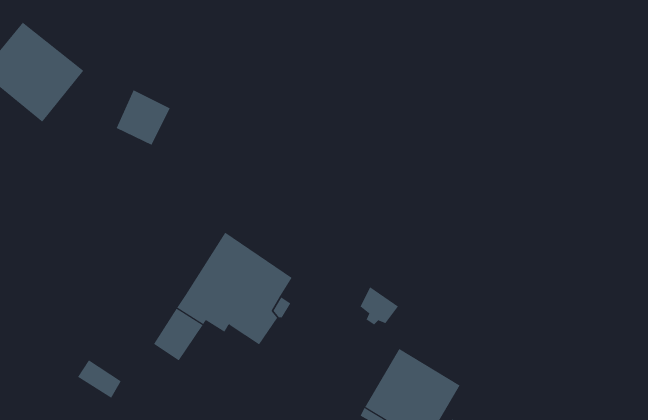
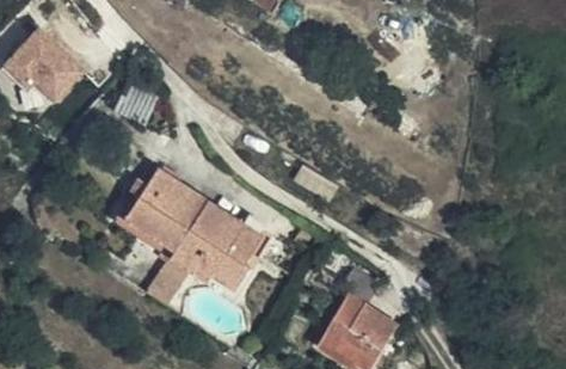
building: none -> [115,162,204,251]

